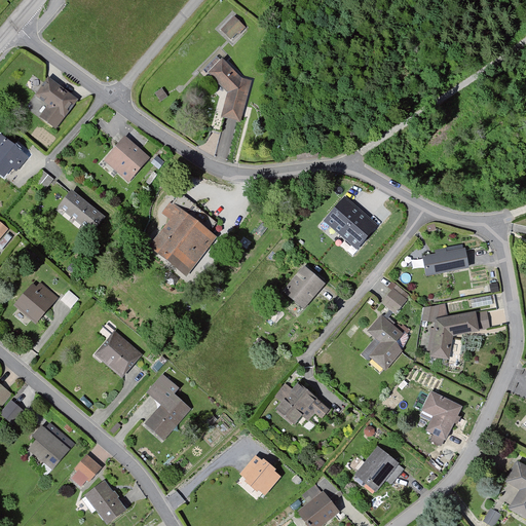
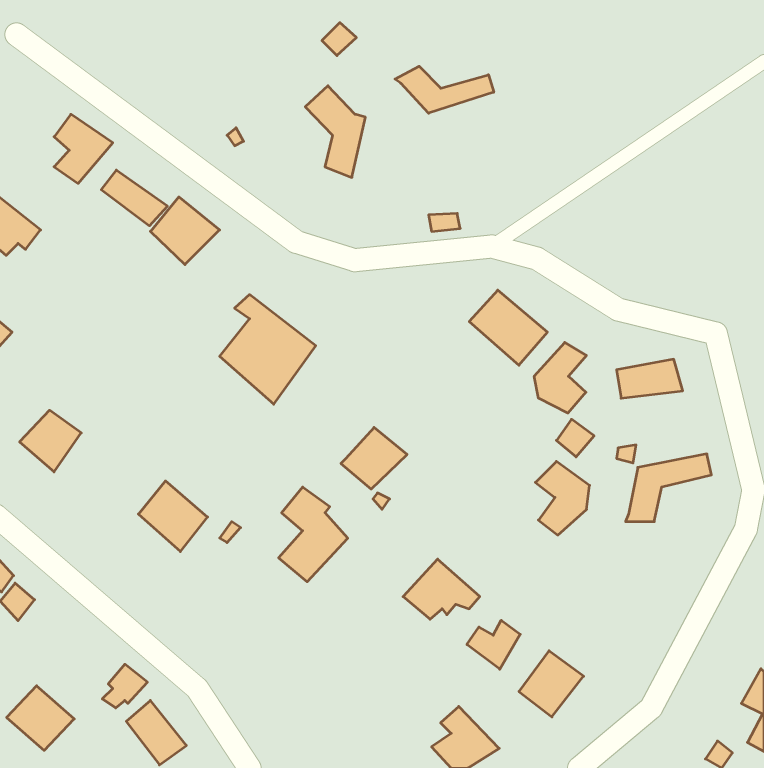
building: none -> [395,66,494,113]
building: [60,192,105,230] -> [101,170,167,226]
building: none -> [534,342,586,413]
building: [283,265,328,307] -> [341,427,407,489]
building: [144,374,191,439] -> [279,487,348,582]
building: [420,389,464,437] -> none
building: [27,423,73,467] -> [7,686,74,750]
building: none -> [467,620,520,669]
building: [239,452,281,493] -> none

